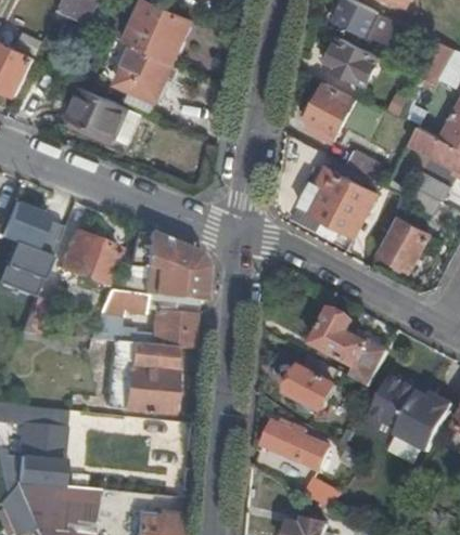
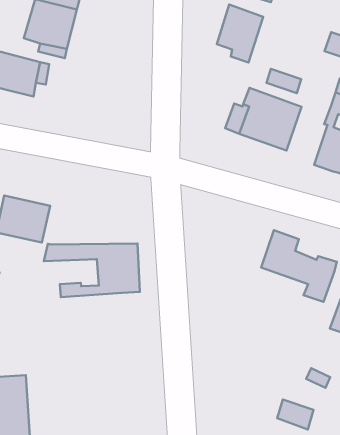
building: [106,227,203,301] -> none
building: [103,341,171,413] -> none
building: [285,367,335,412] -> none
building: [261,422,328,470] -> none

